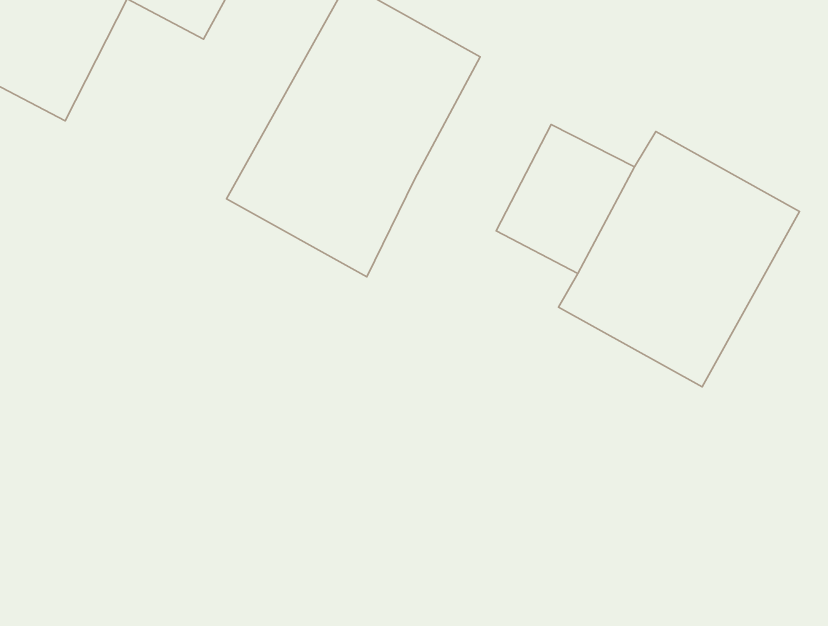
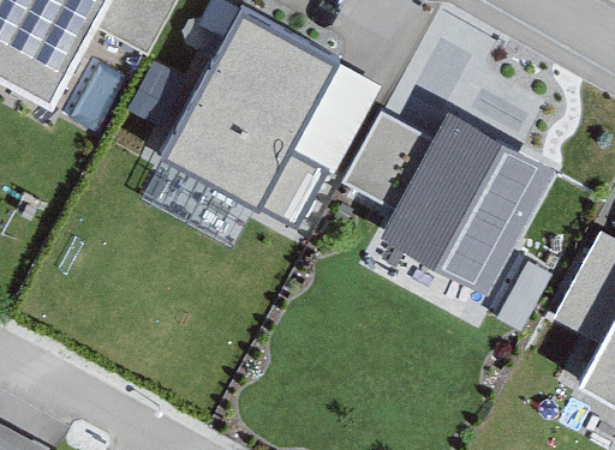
building: none -> [287,62,375,169]

